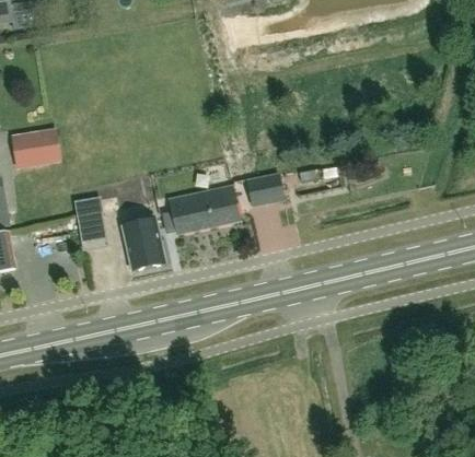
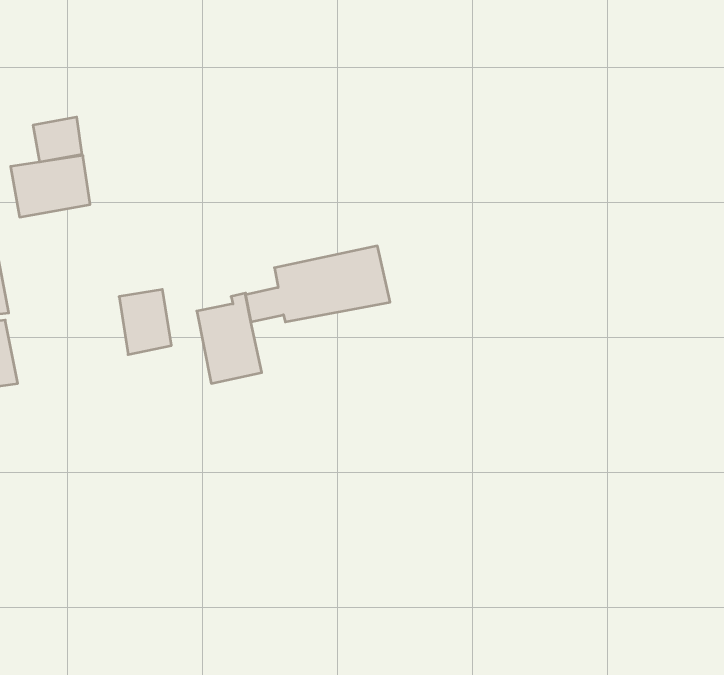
building: none -> [33,117,82,162]
building: [246,175,282,204] -> none

